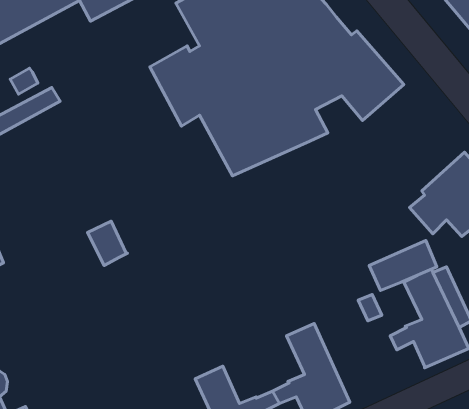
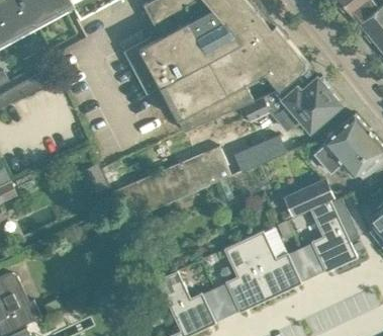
building: none -> [242,77,342,132]
building: none -> [114,131,293,222]
building: none -> [245,231,305,298]

